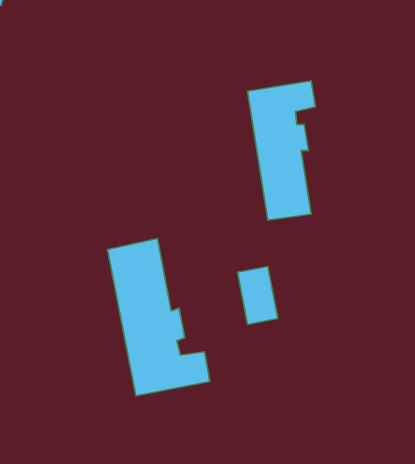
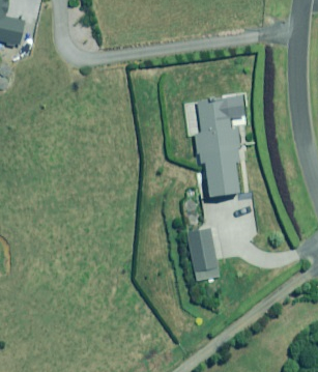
building: [107,239,210,396] -> none

